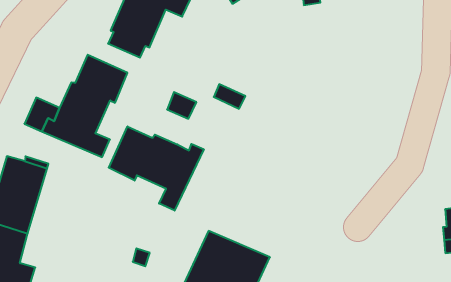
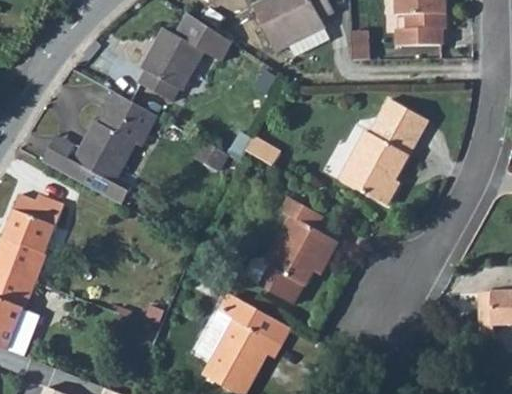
building: none -> [338,97,428,205]
building: [109,126,204,211] -> none
building: none -> [260,196,338,303]

